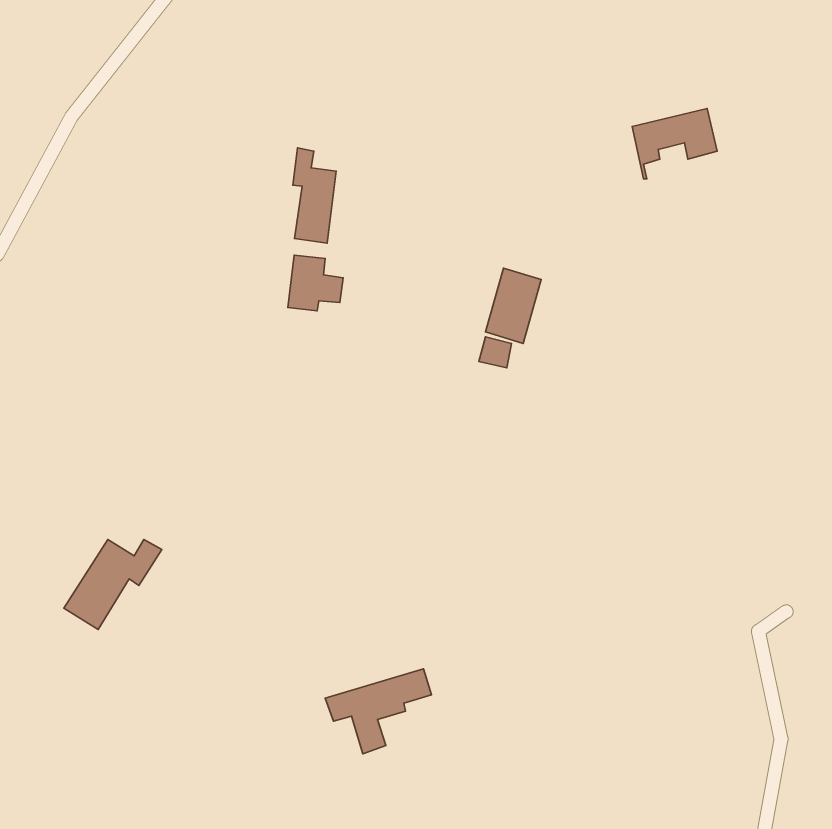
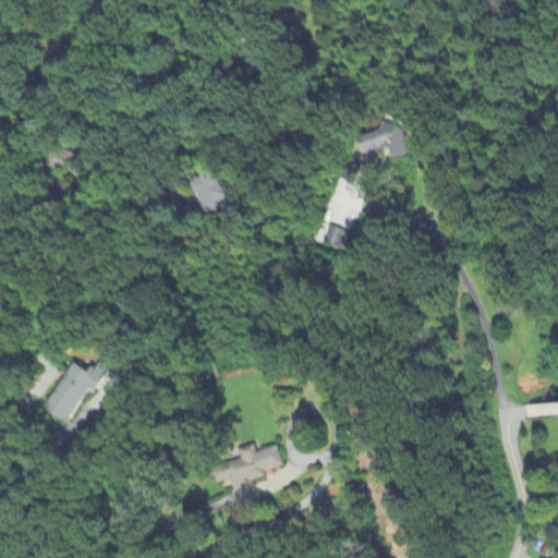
building: [632,109,717,179] -> [360,122,416,169]
building: [293,148,336,243] -> none

